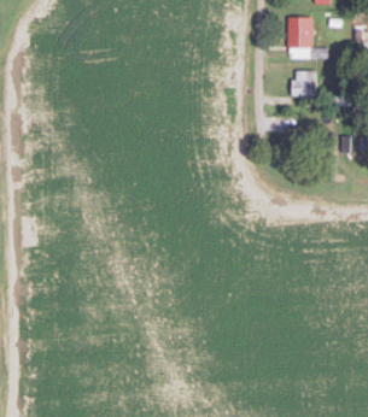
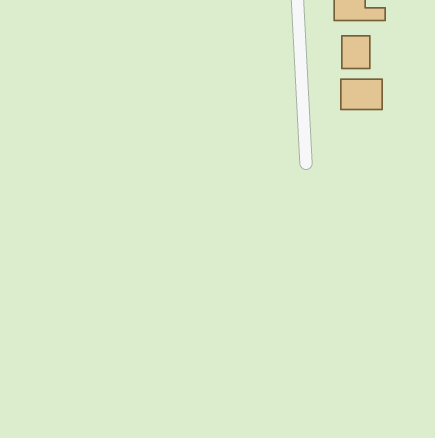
building: none -> [341,79,382,110]

